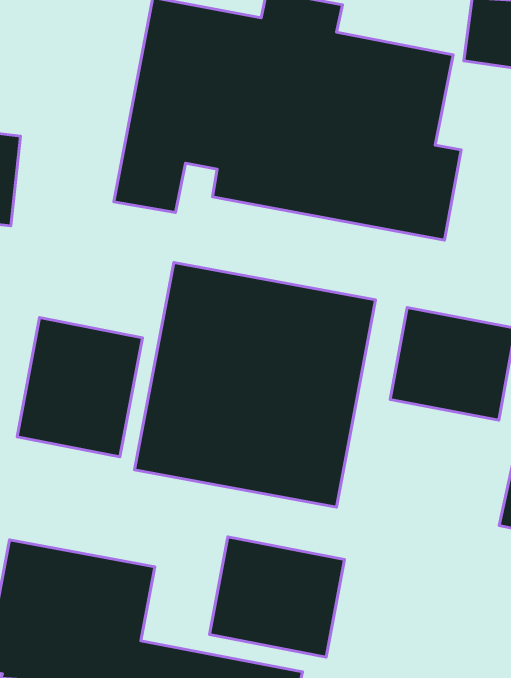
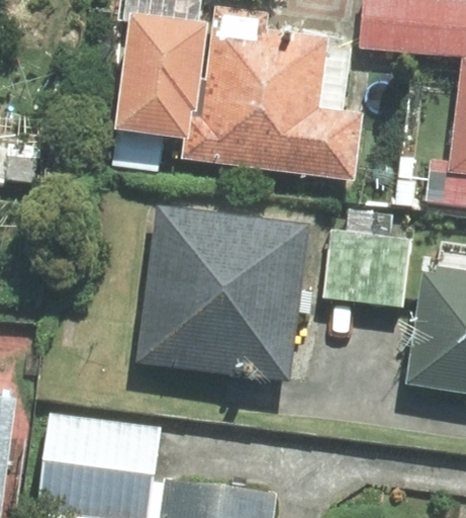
building: [17,317,143,457] -> none
building: [209,537,345,657] -> none

